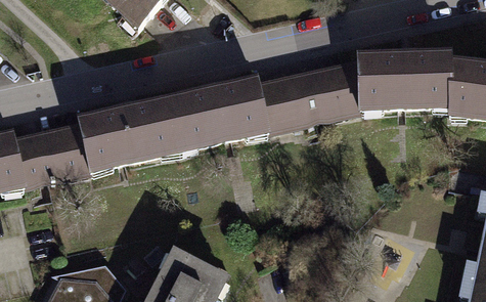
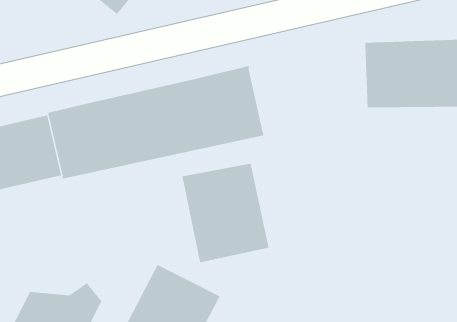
building: [256,55,360,131] -> none
building: none -> [182,163,269,263]

